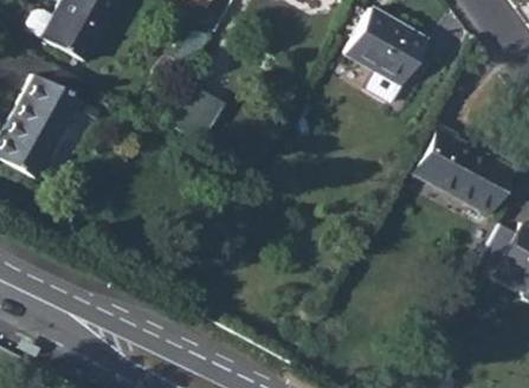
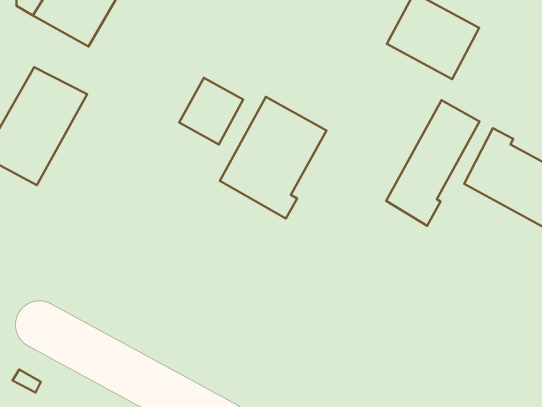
building: none -> [220,97,326,219]
building: none -> [386,100,480,226]

